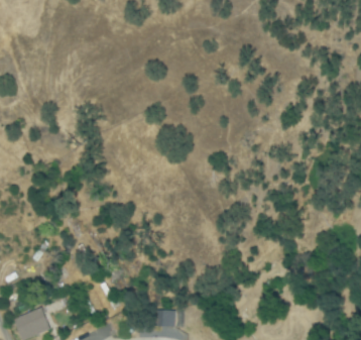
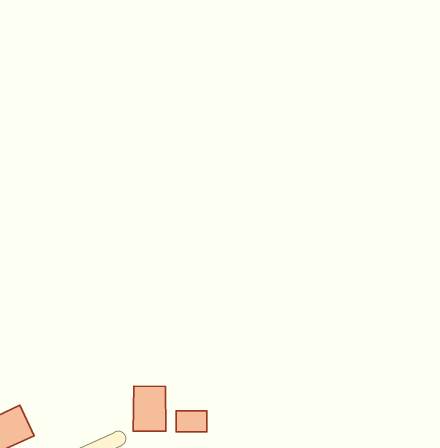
building: none -> [133,386,166,431]

